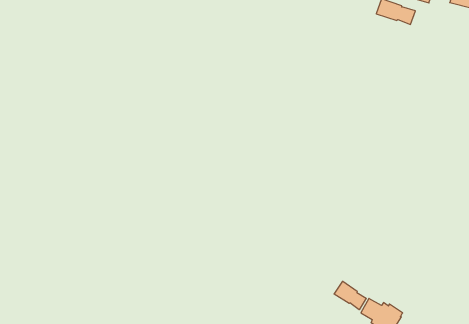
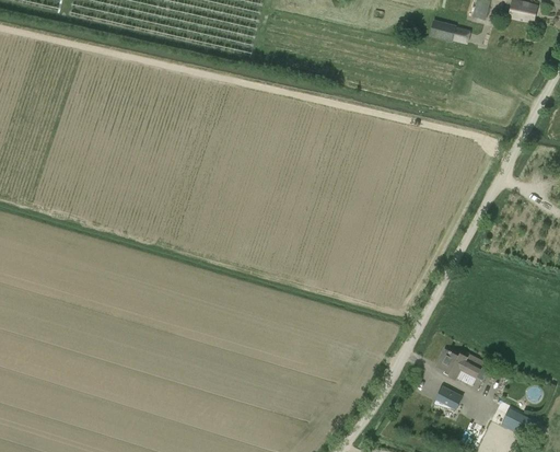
building: [334,281,366,310] -> none

